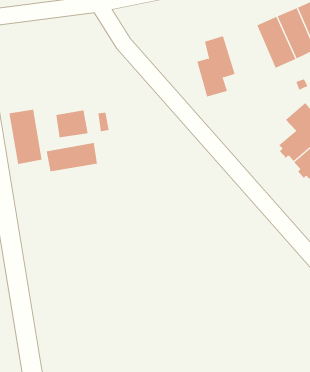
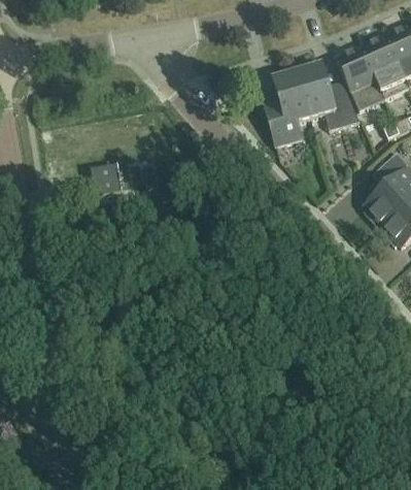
building: none -> [297,63,359,130]
building: [9,109,42,165] -> none
building: [46,142,97,172] -> none

